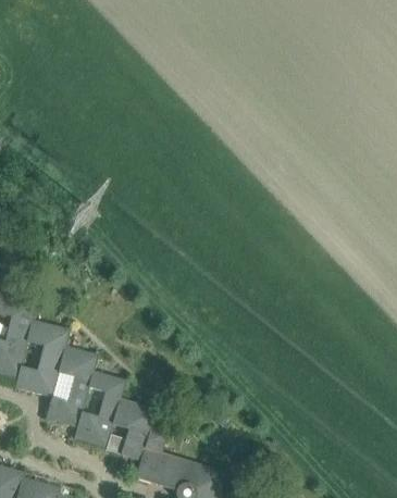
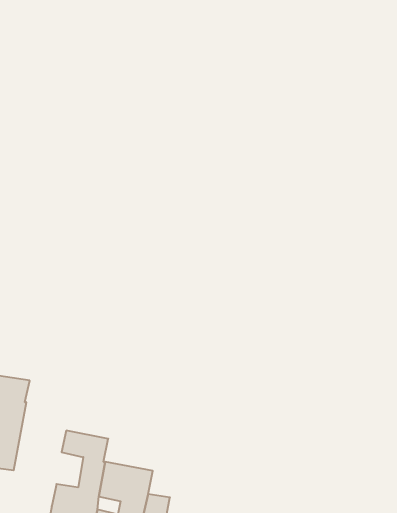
building: [45,346,98,427] -> none

